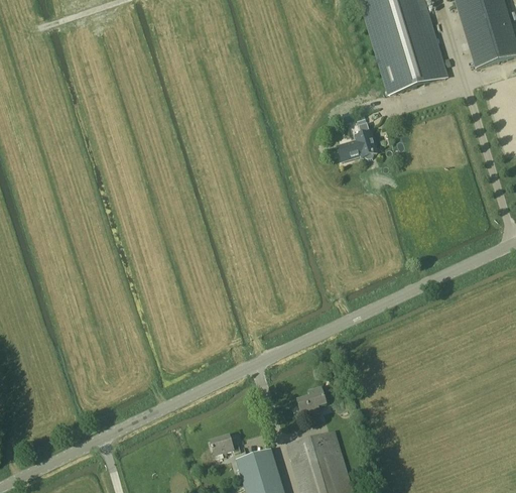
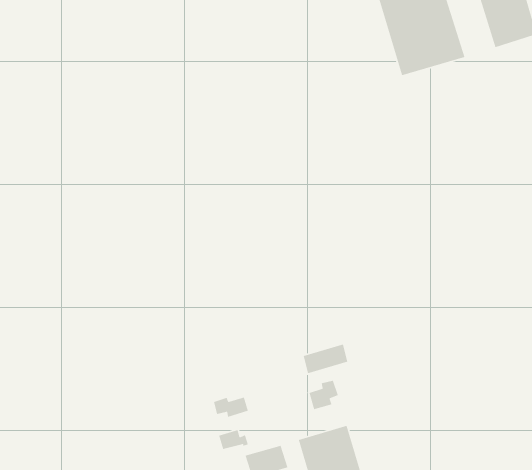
building: [337,121,377,160] -> none
building: none -> [303,344,348,374]
building: none -> [213,397,249,418]

